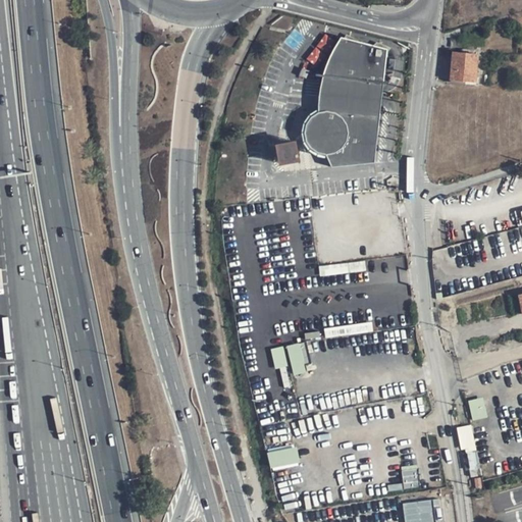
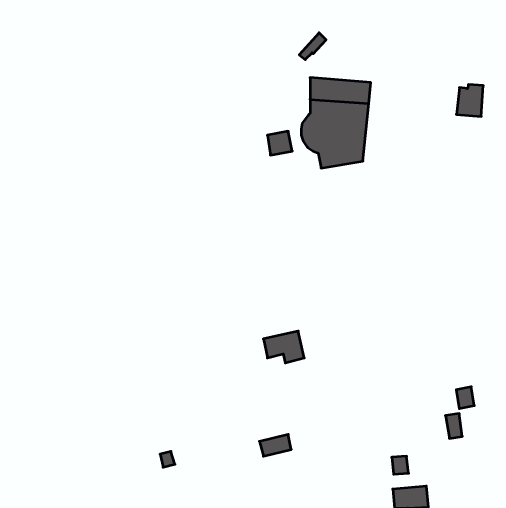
building: [314,43,383,85] -> none
building: [449,49,476,82] -> [456,85,483,116]

